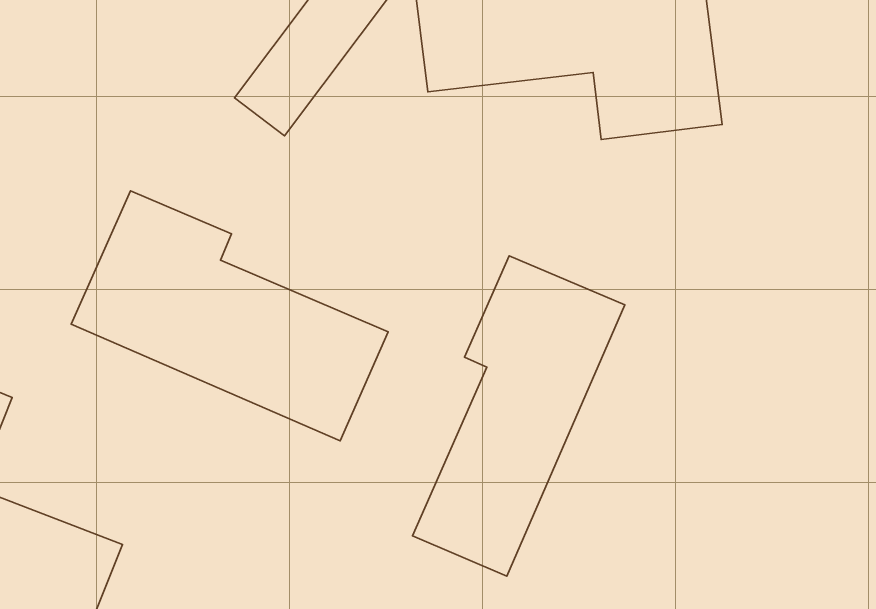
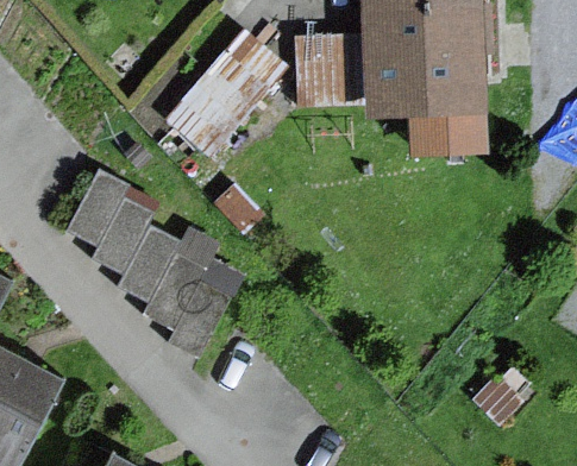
building: [413,256,625,576] -> none

